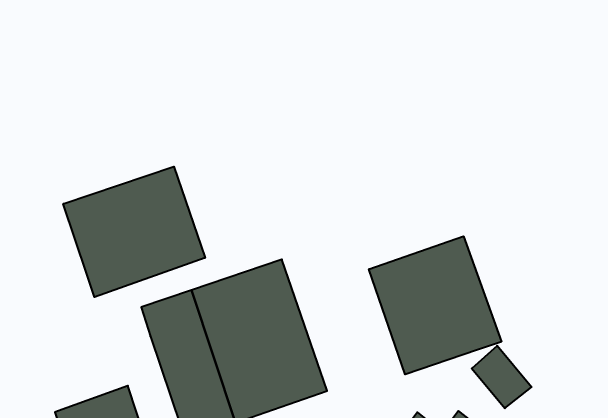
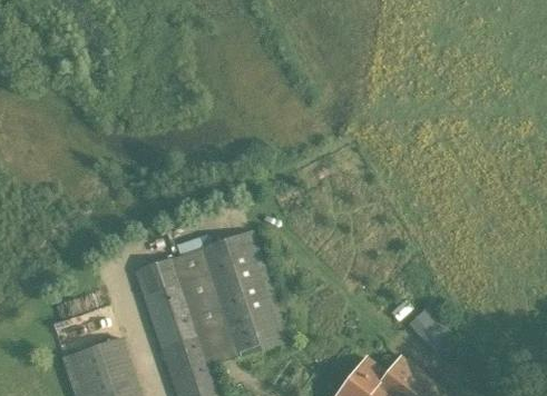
building: [63,167,205,297] -> none
building: [369,236,501,374] -> none

